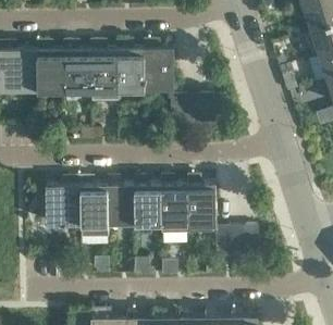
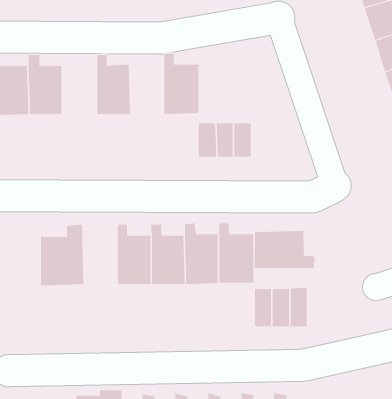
building: [116,42,144,91] -> none
building: [63,43,90,91] -> none
building: [79,178,107,226] -> none
building: none -> [254,230,315,269]

